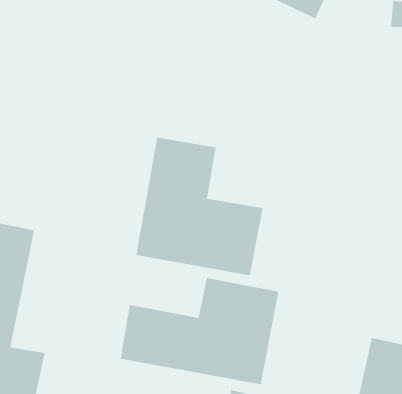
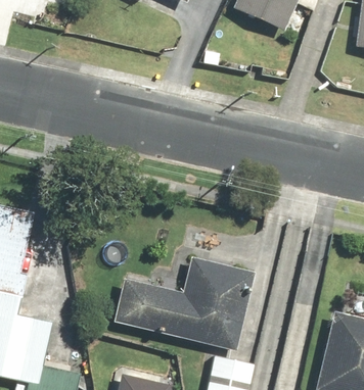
building: [136,137,263,276] -> none

